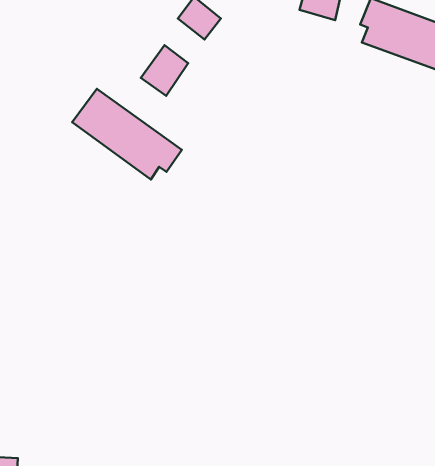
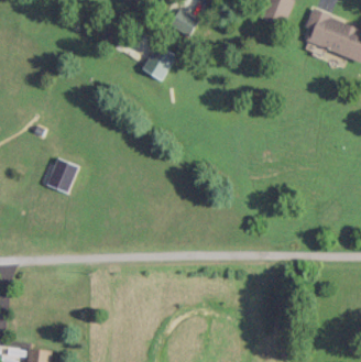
building: [72,89,182,179] -> none
building: none -> [46,158,77,193]

